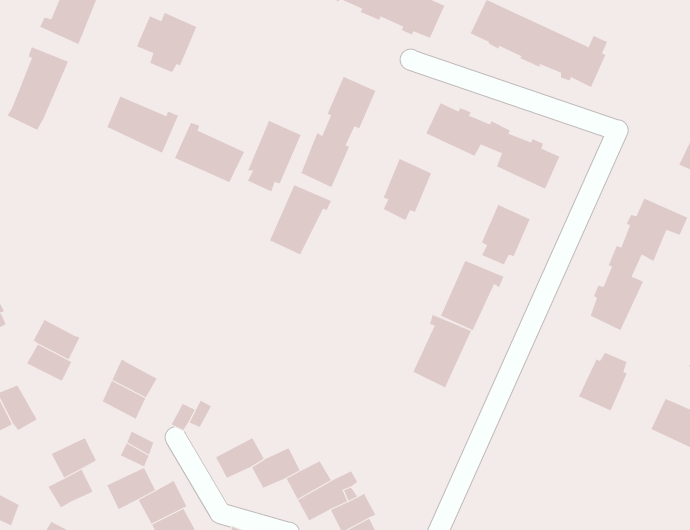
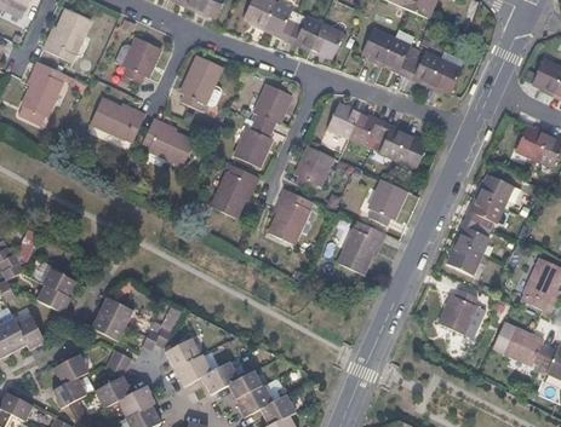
building: [247,120,301,192] -> [182,57,222,110]
building: [413,314,472,388] -> [270,190,314,244]
building: none -> [164,336,199,367]

